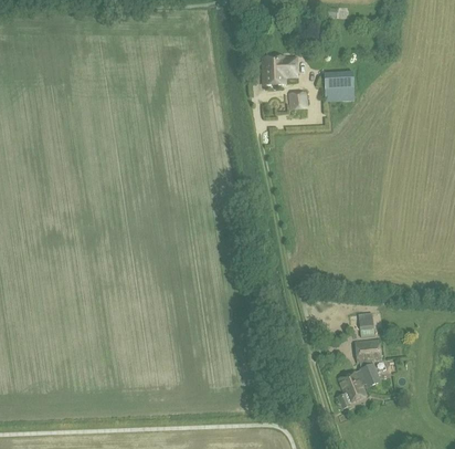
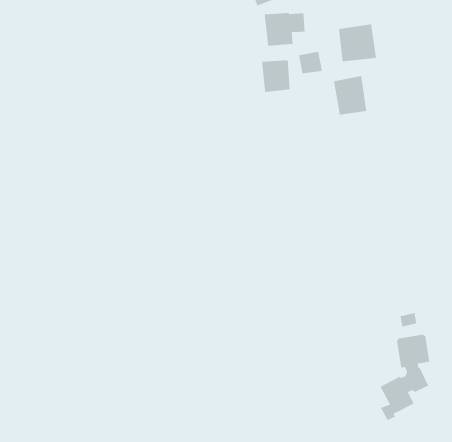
building: none -> [261,59,291,93]
building: none -> [333,75,367,115]

